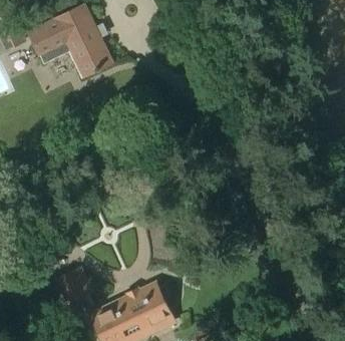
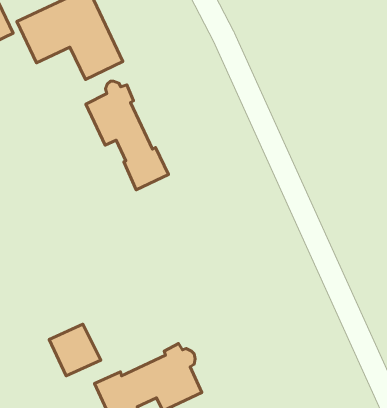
building: none -> [86,81,169,190]

